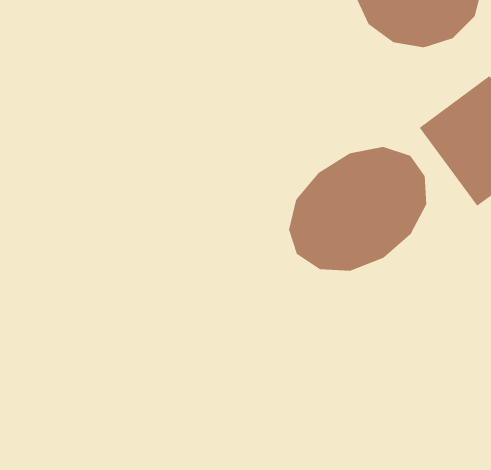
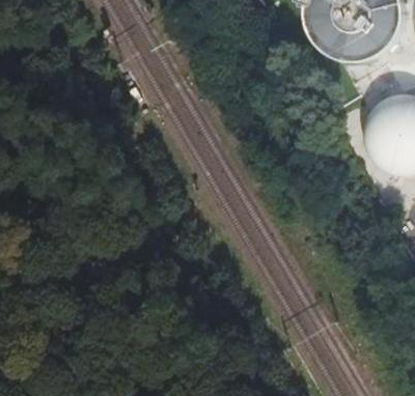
building: [288,146,427,272] -> none

